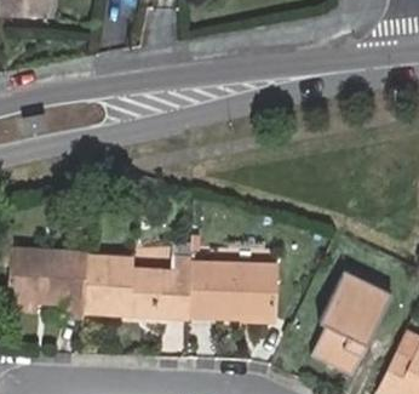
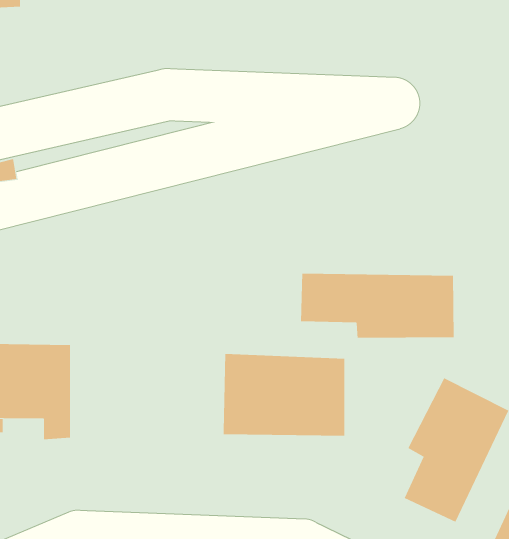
building: none -> [301,273,454,339]
building: [82,252,190,312] -> none

